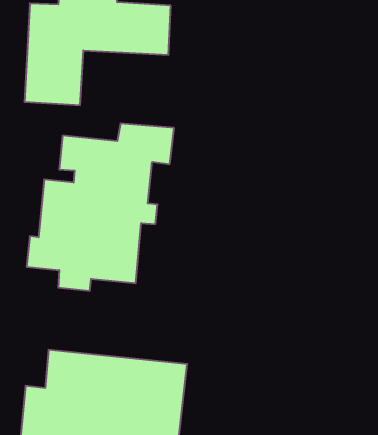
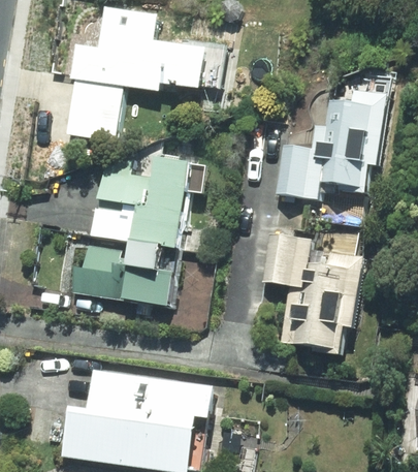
building: none -> [268,70,389,197]
building: none -> [259,229,363,353]

